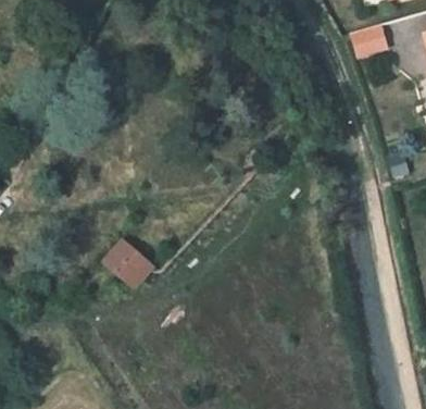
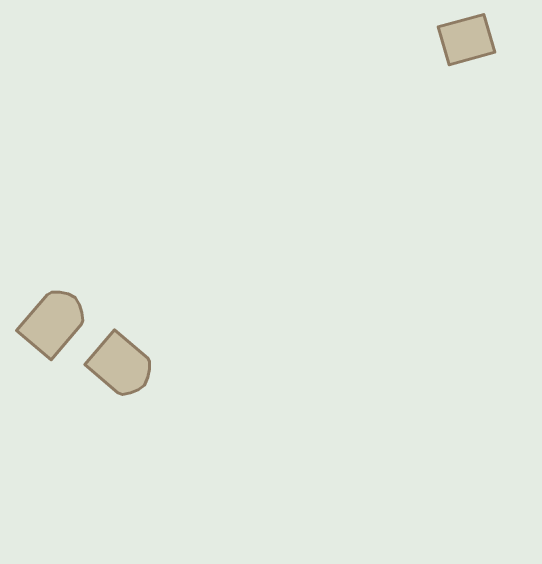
building: none -> [16,292,83,360]

